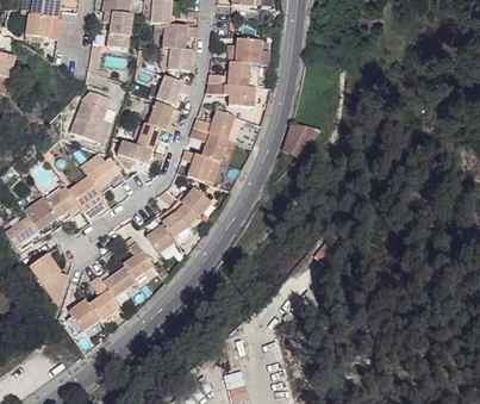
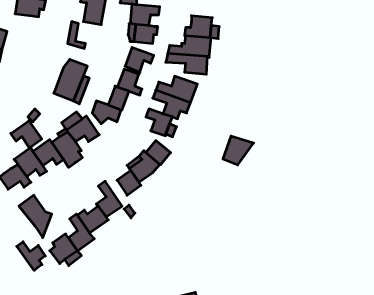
building: [280,123,317,157] -> [223,136,254,165]
building: none -> [11,121,42,148]
building: none -> [17,242,45,270]

